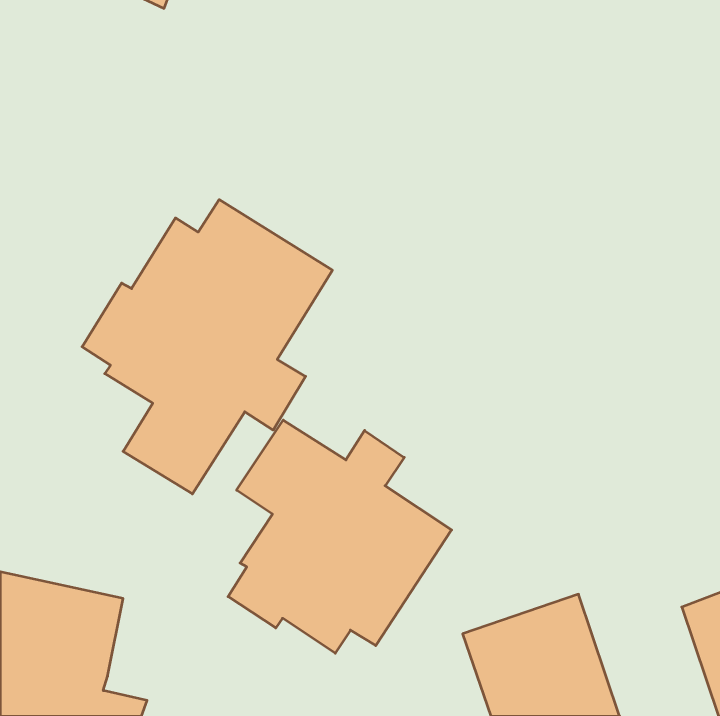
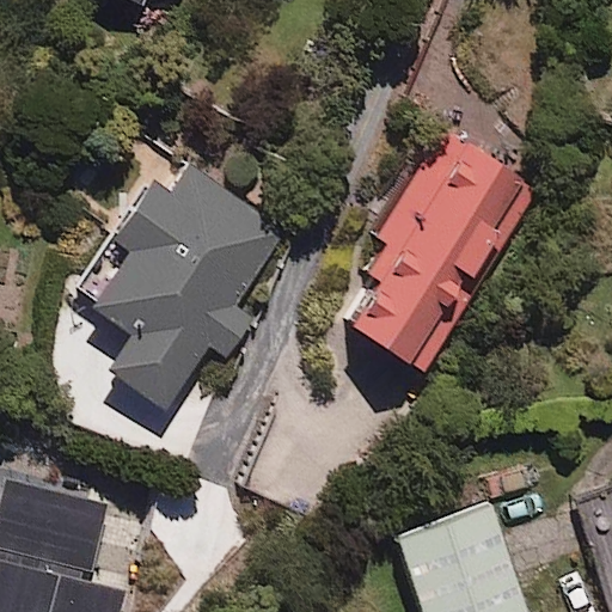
building: none -> [344,129,540,380]
building: [228,420,452,653] -> none

